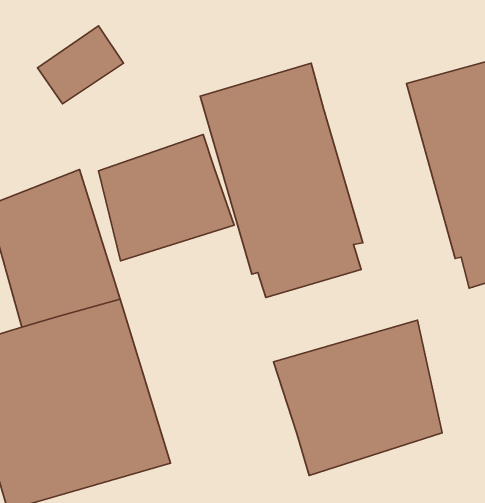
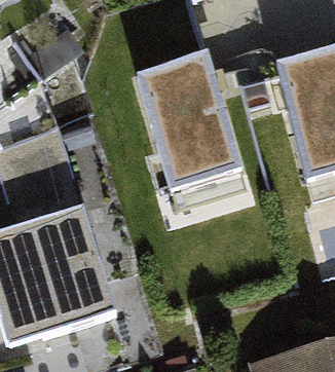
building: [98,135,234,261] -> none
building: [273,320,442,476] -> none

